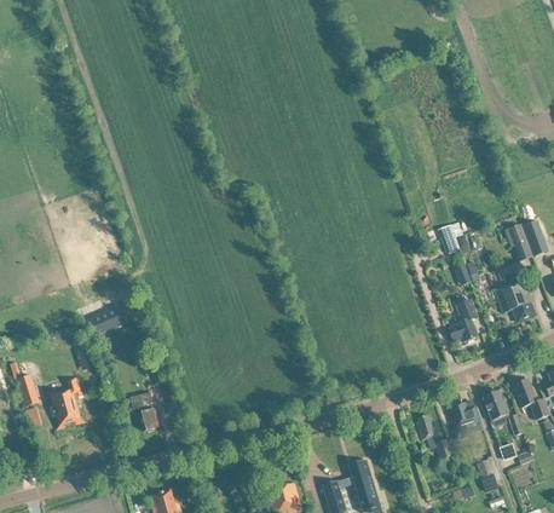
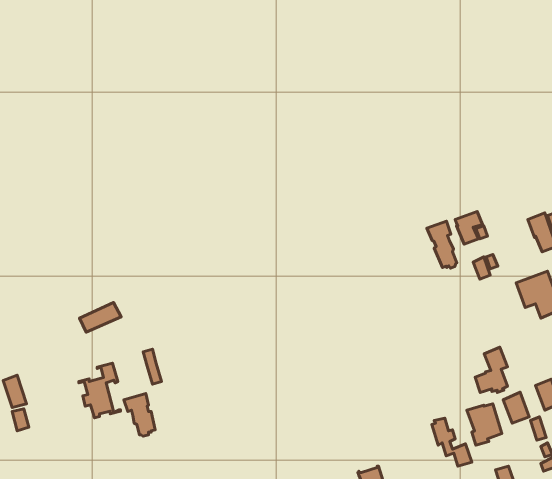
building: none -> [427,221,457,268]
building: [448,300,478,342] -> [475,347,508,393]
building: [46,376,85,427] -> [79,363,120,418]

